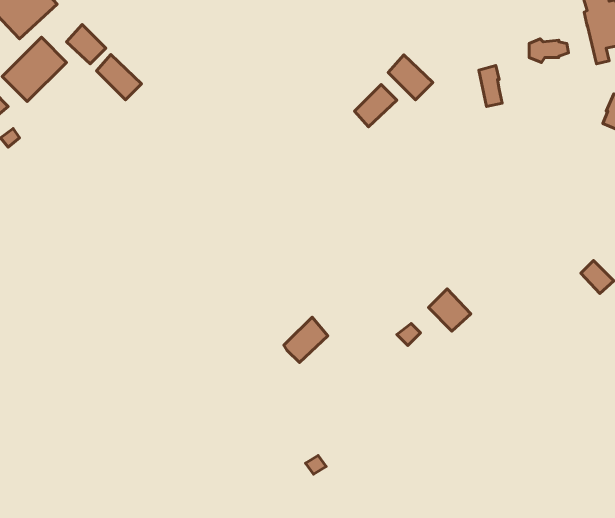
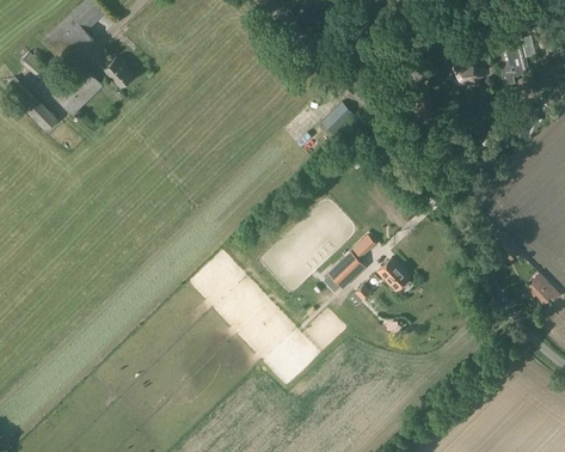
building: [96,55,141,100] -> none
building: [388,55,433,100] -> none
building: [284,317,328,363] -> [331,251,364,286]

